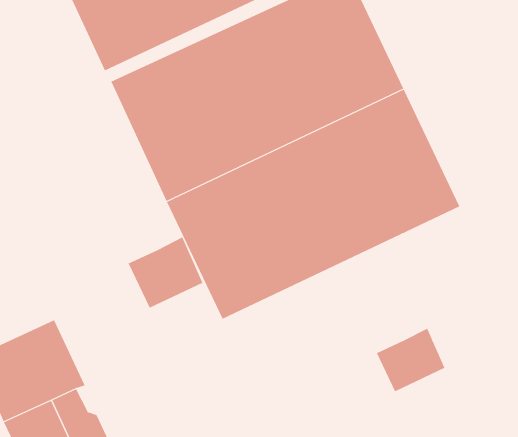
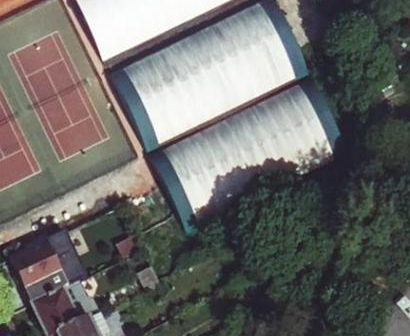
building: [128,236,203,308] -> none
building: [376,328,445,392] -> none

